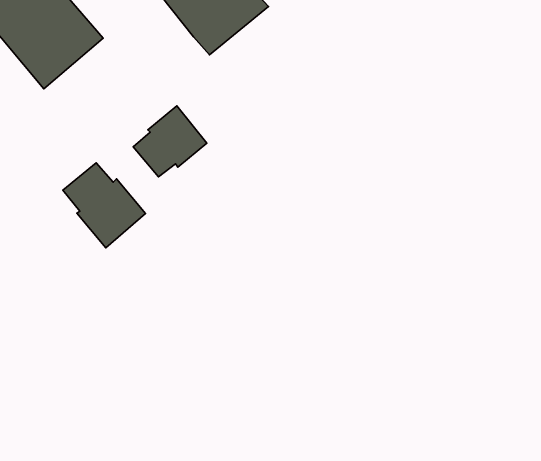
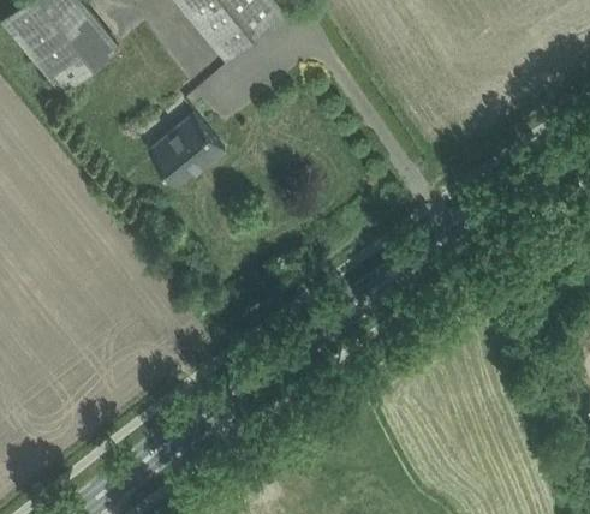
building: [63,163,146,248] -> none

